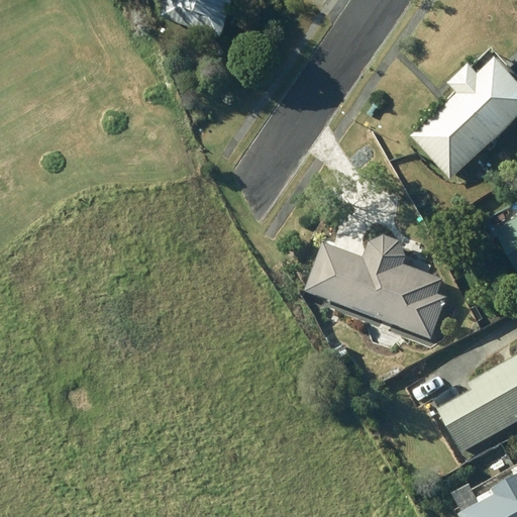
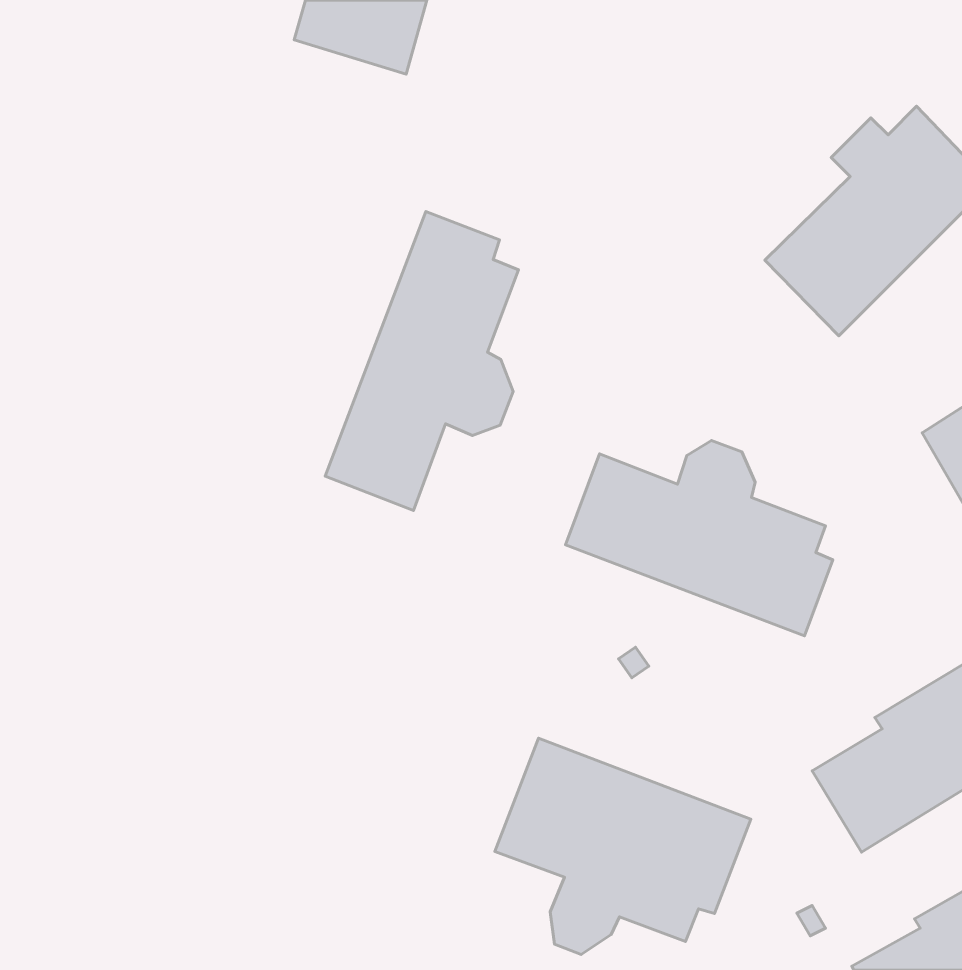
building: none -> [325,211,518,510]
building: none -> [495,738,751,955]

